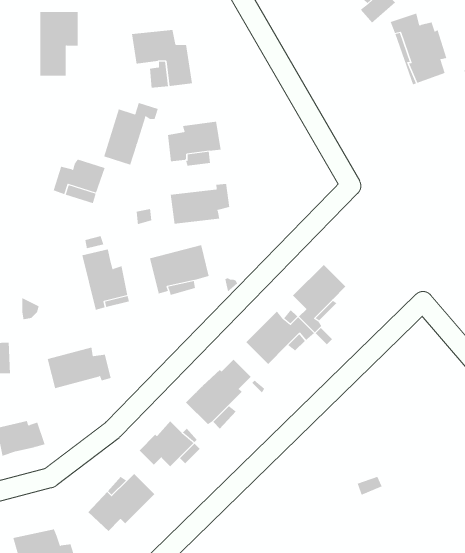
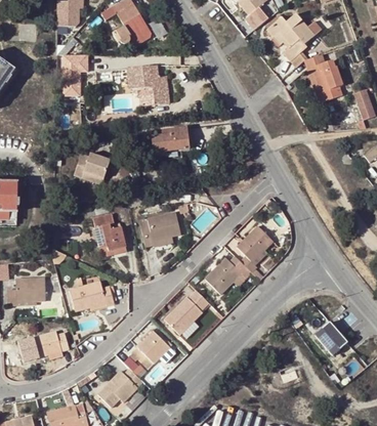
building: [103,102,158,165] -> none
building: [170,183,230,224] -> none
building: none -> [315,321,346,353]

